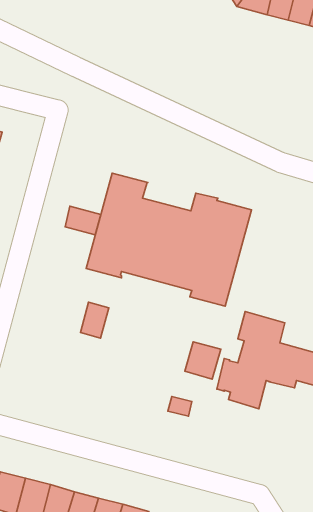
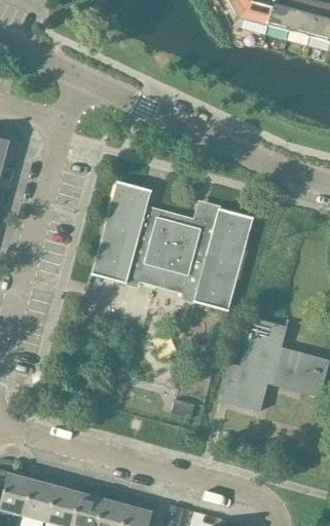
building: [65,206,101,235] -> none
building: [80,302,109,338] -> none
building: [185,342,221,379] -> none

